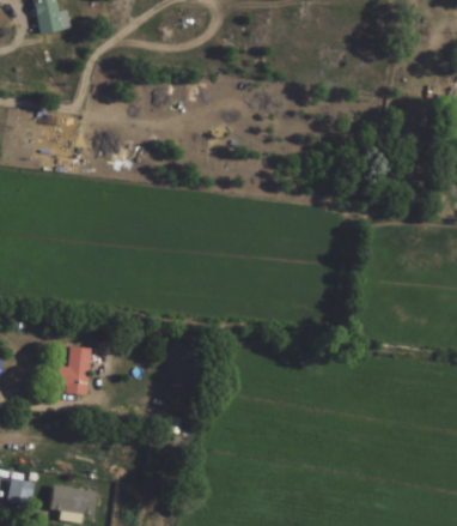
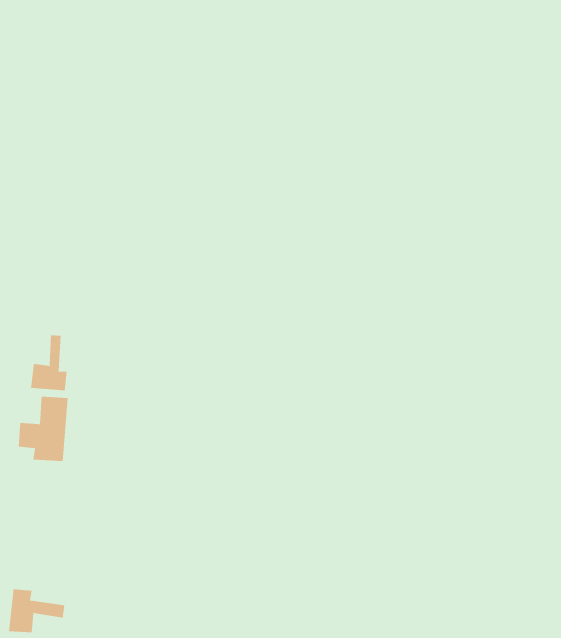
building: none -> [30,334,67,391]

